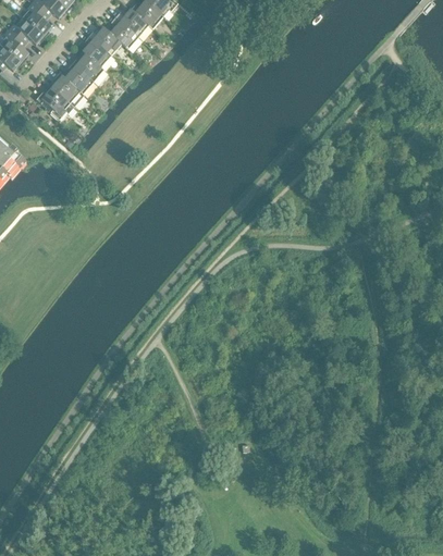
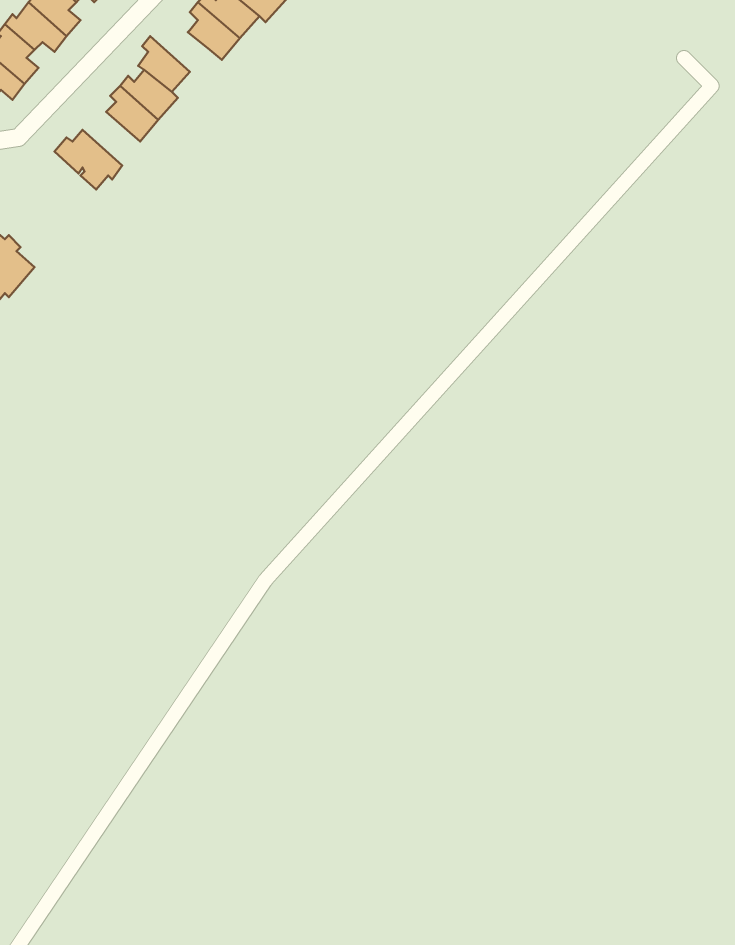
building: [89,26,122,54] -> none
building: [52,72,85,106] -> none

